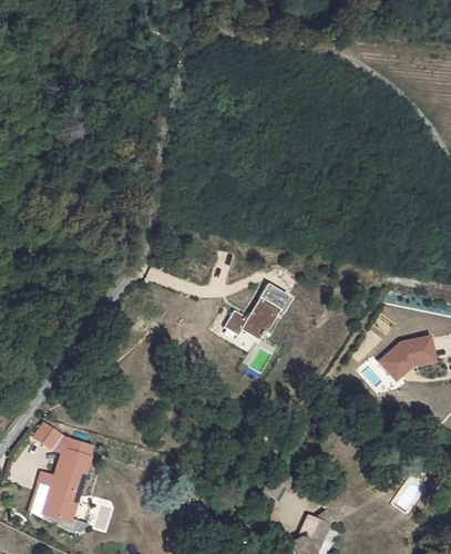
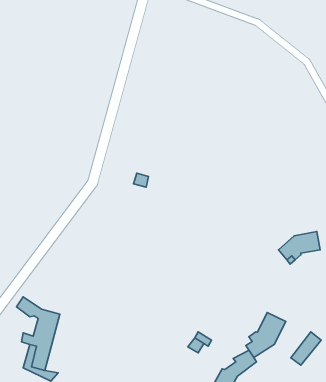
building: [222,283,289,341] -> none
building: none -> [246,313,286,358]

